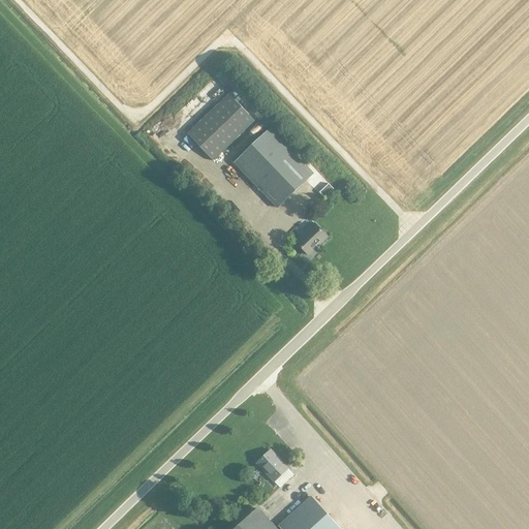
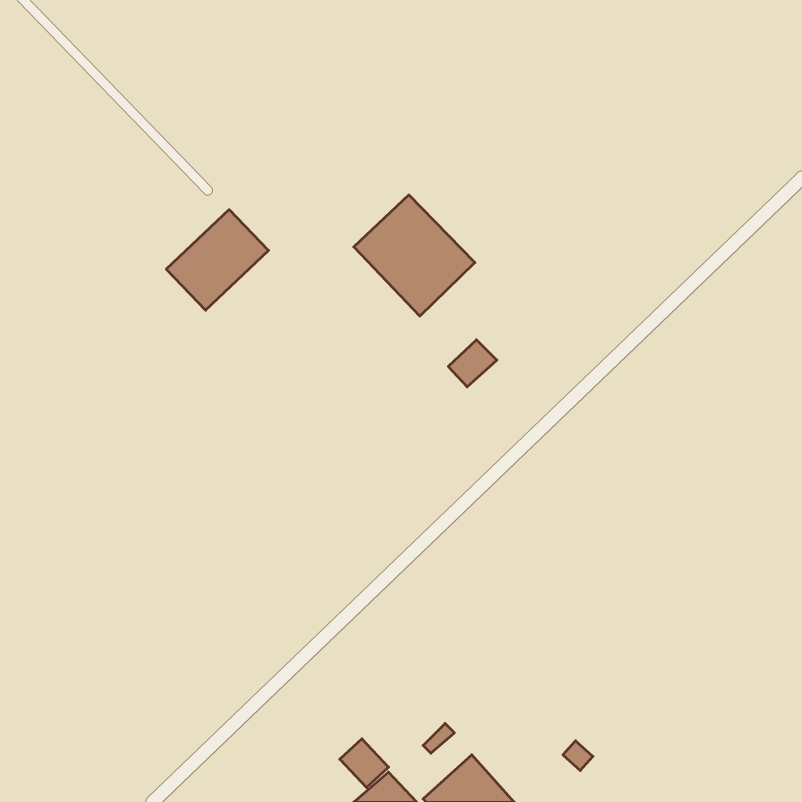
building: [186,94,253,160] -> [166,210,269,310]
building: [255,449,287,481] -> [340,739,389,788]

